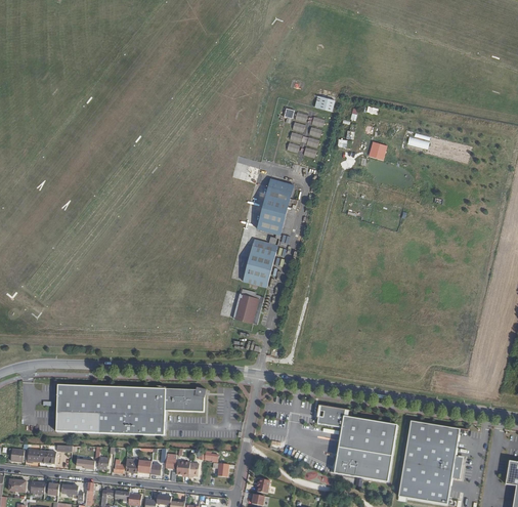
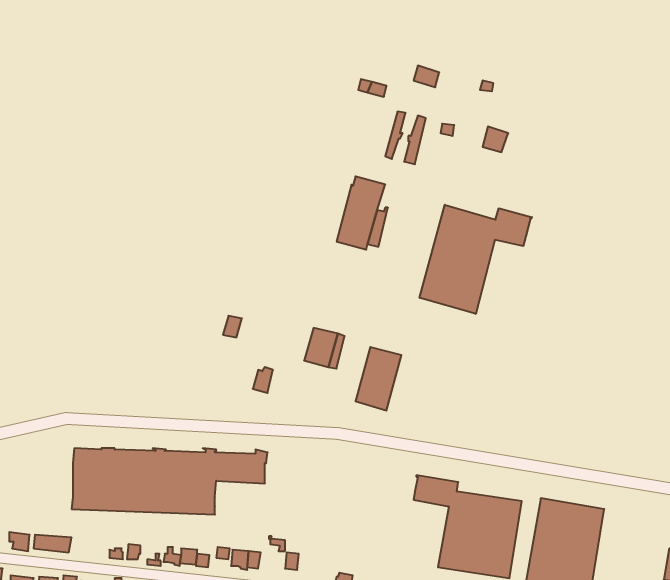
building: none -> [420,205,532,314]
building: [242,239,276,287] -> [355,347,401,411]

